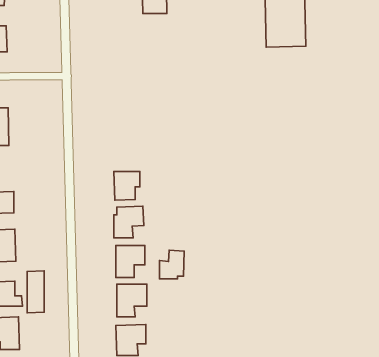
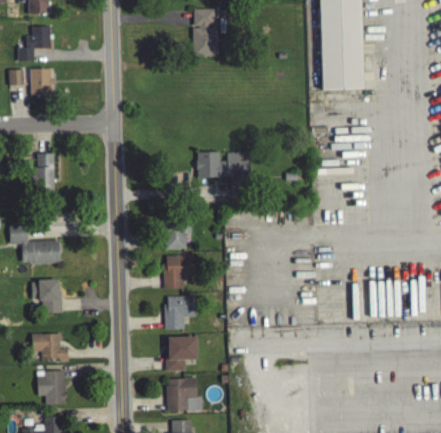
building: none -> [197,152,245,187]
building: [159,250,184,279] -> none
building: [27,271,44,313] -> none

